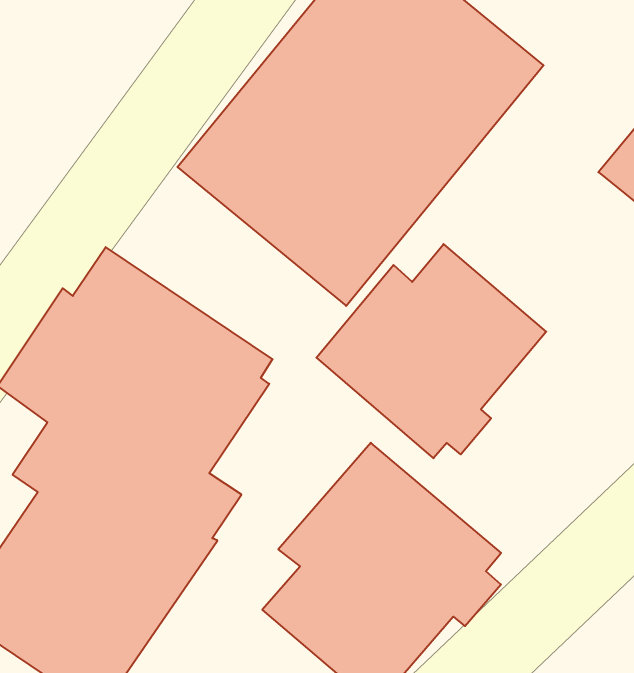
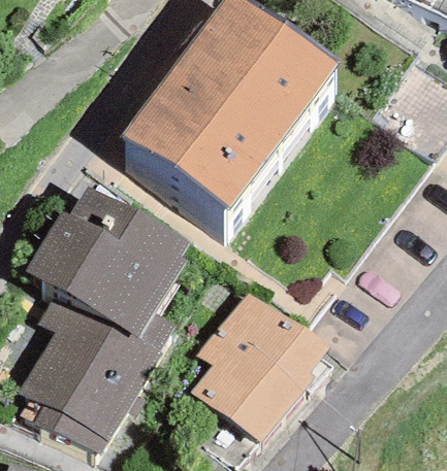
building: [316,244,546,458] -> none

